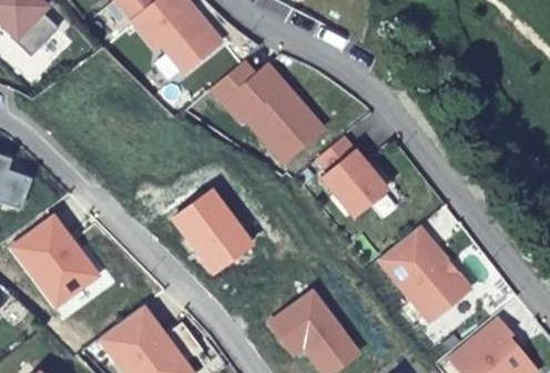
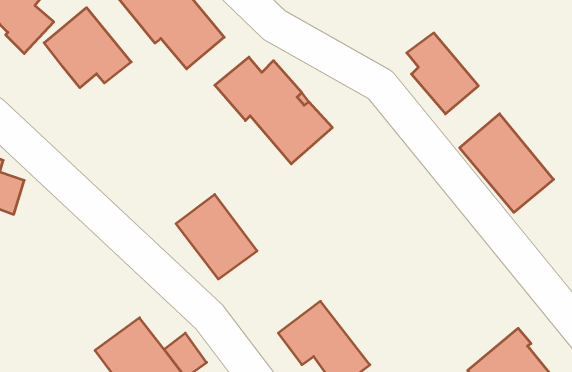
building: none -> [44,8,131,88]
building: [318,138,386,214] -> [407,33,478,114]
building: [14,216,98,304] -> none
building: [380,225,469,319] -> [460,114,554,212]

